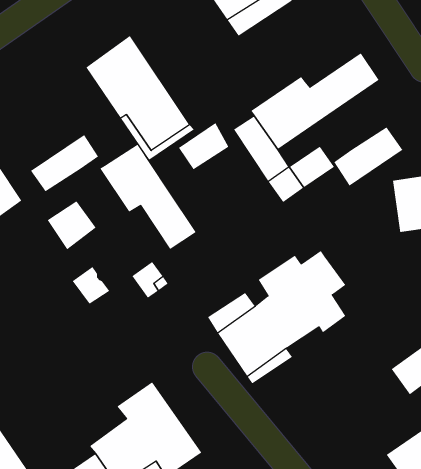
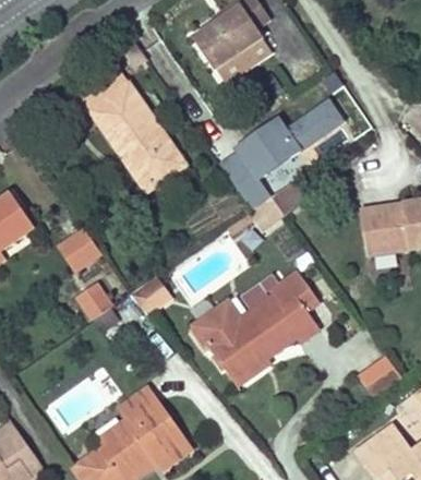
building: [178,122,229,170] -> none
building: [333,126,403,187] -> none
building: [30,134,99,192] -> none
building: [100,144,196,250] -> none

